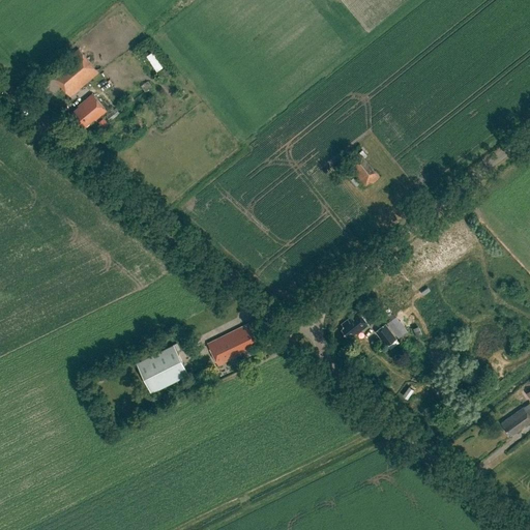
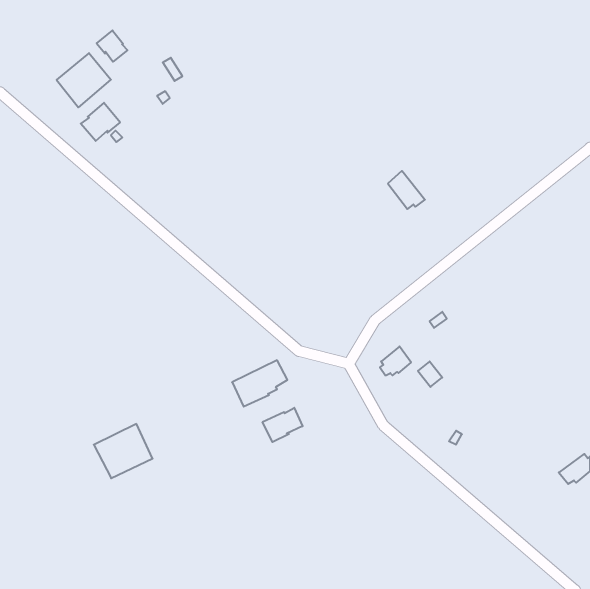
building: none -> [97,30,127,62]
building: [137,345,189,393] -> [94,424,153,478]
building: none -> [263,408,303,442]

